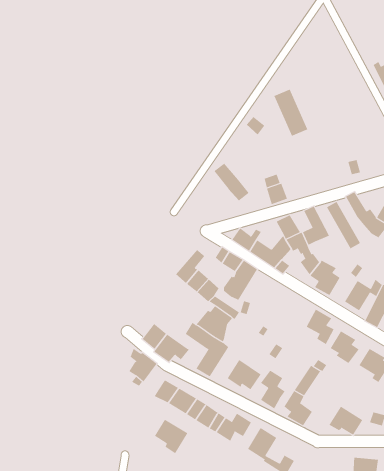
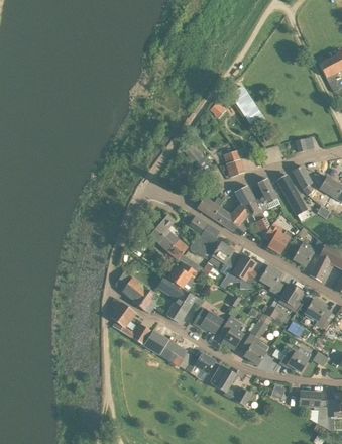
building: none -> [212,242,234,274]
building: none -> [232,255,257,290]
building: [154,419,188,454] -> none

